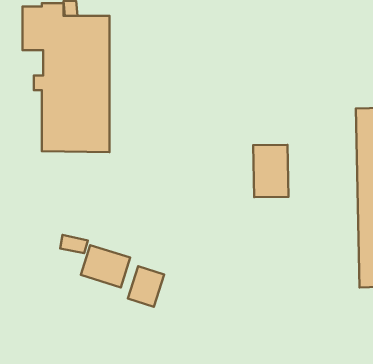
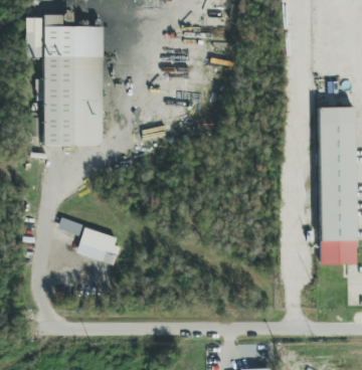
building: [253,145,288,197] -> none
building: [128,266,164,307] -> none

